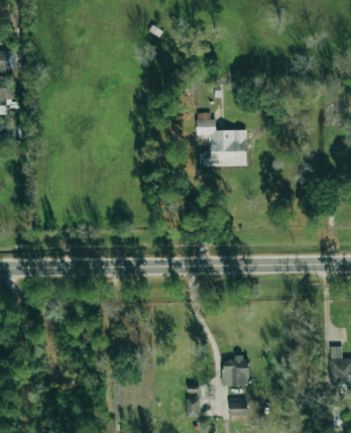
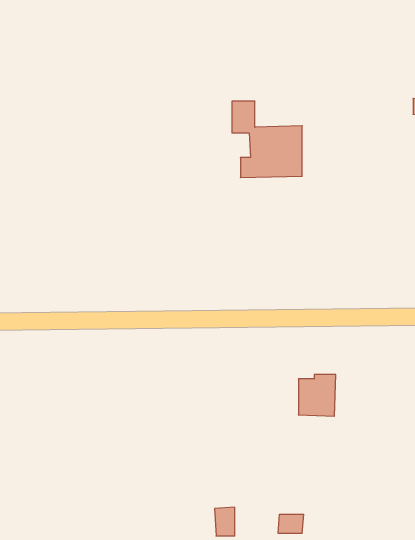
building: [222,356,248,386] -> [298,375,336,416]

